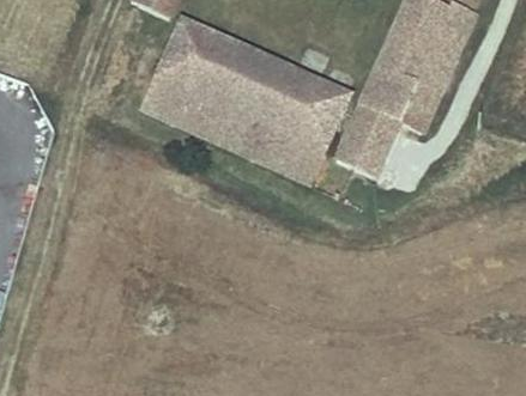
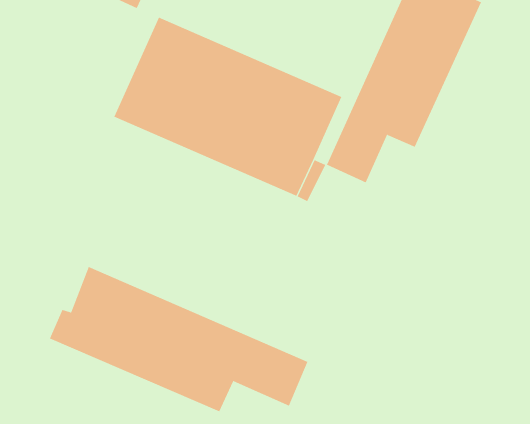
building: none -> [49,266,308,412]

